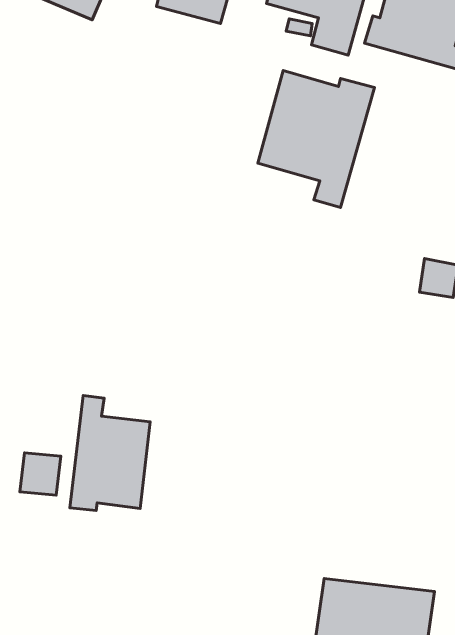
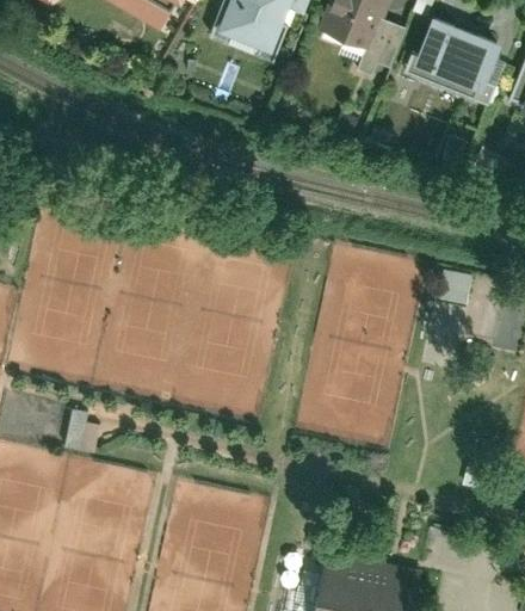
building: [258,70,375,207] -> none
building: [70,396,150,511] -> none

